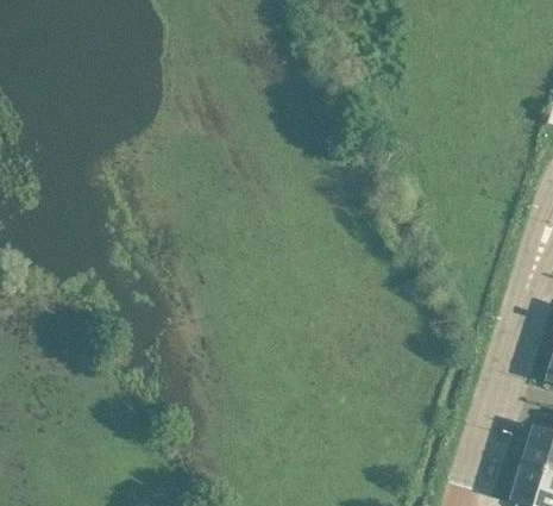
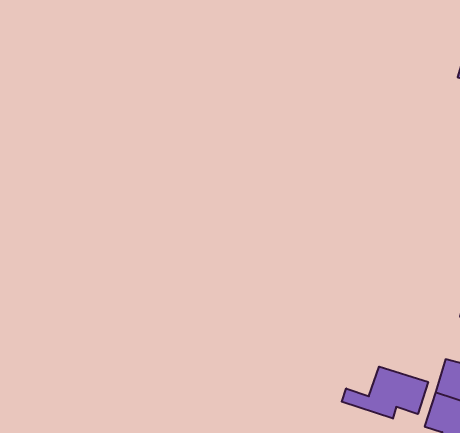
building: none -> [342,367,428,419]

